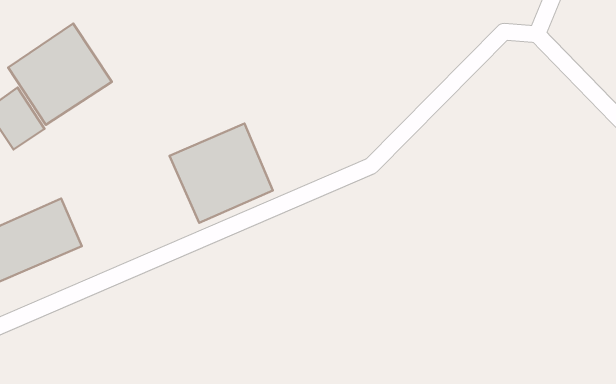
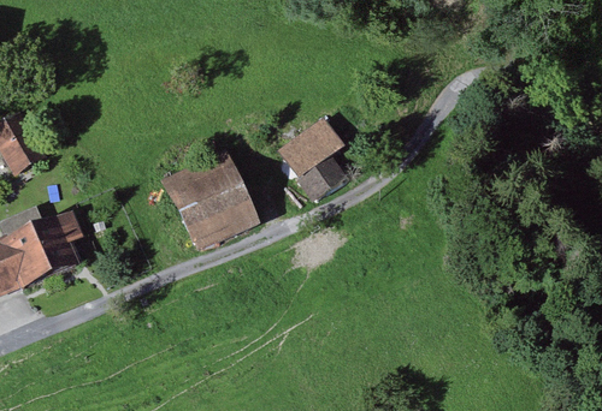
building: [8,24,112,125] -> none
building: none -> [268,112,352,195]

